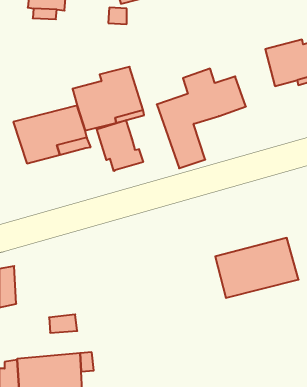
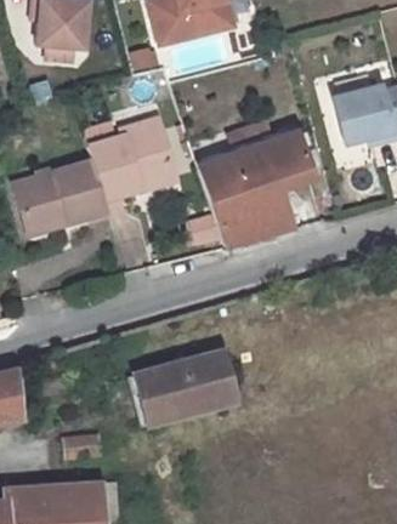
building: none -> [245,183,294,238]
building: [97,120,143,171] -> none
building: [215,238,299,298] -> [135,348,239,423]

